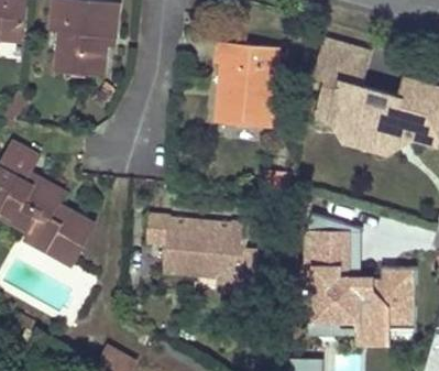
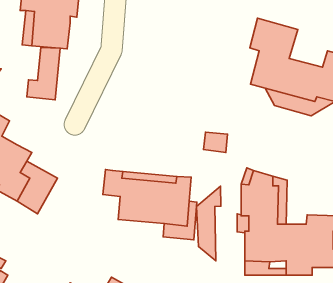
building: [216,41,277,127] -> none
building: none -> [27,48,60,100]
building: none -> [197,186,221,261]

